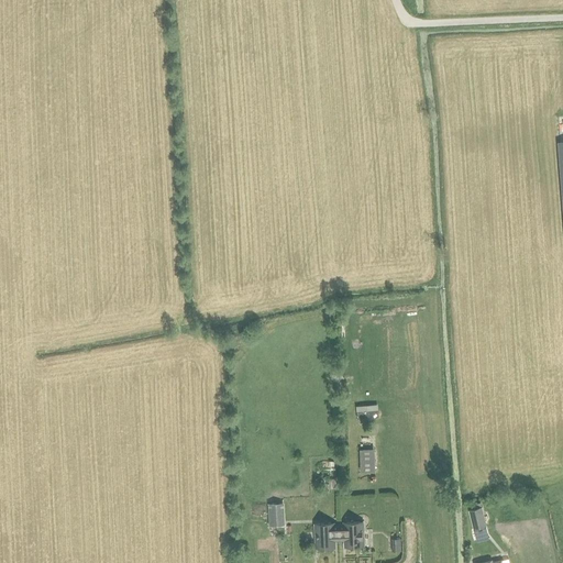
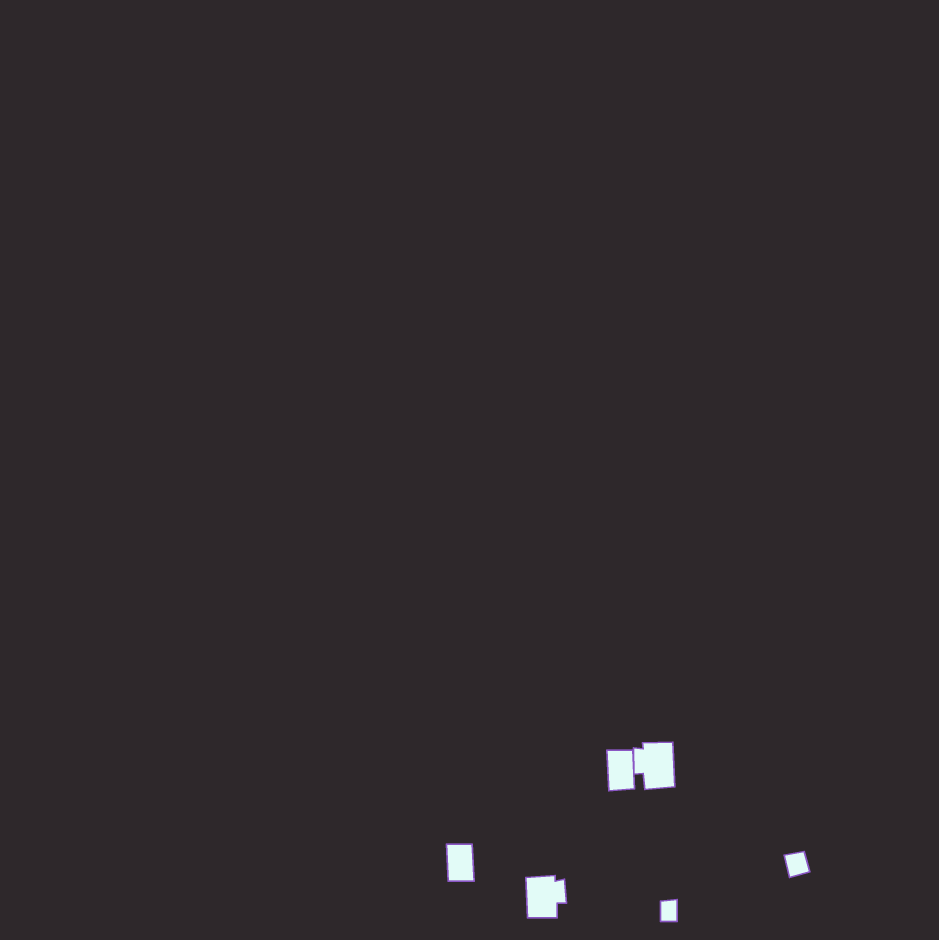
building: none -> [633,742,675,790]
building: [336,522,361,548] -> none

